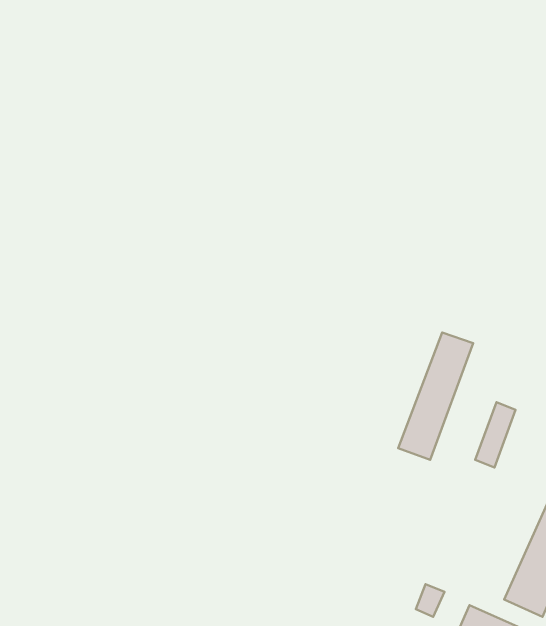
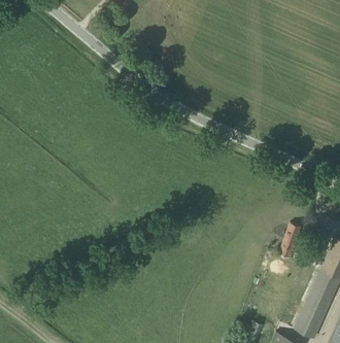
building: [398,333,473,460] -> none

